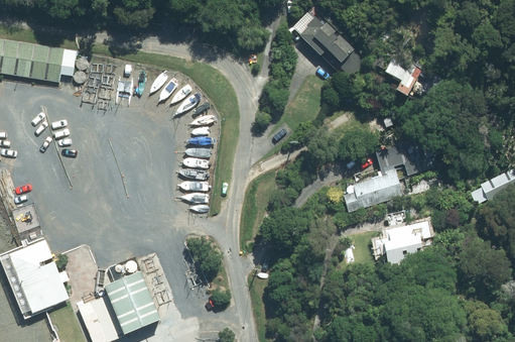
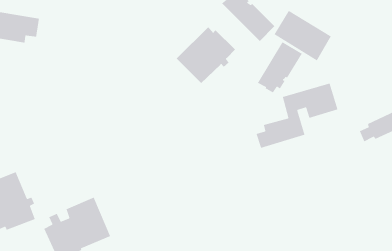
building: none -> [176,27,236,84]
building: none -> [257,41,303,94]
building: [373,219,429,264] -> none

